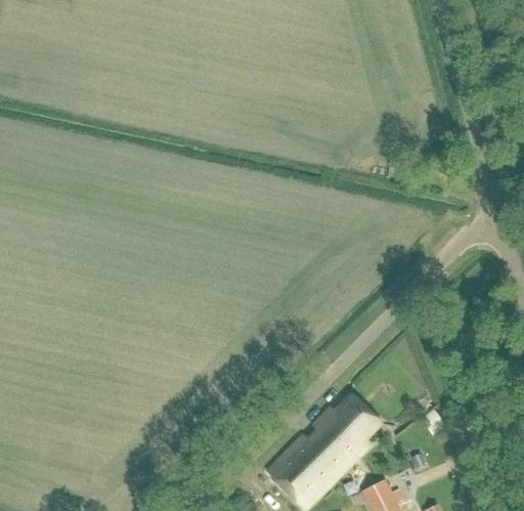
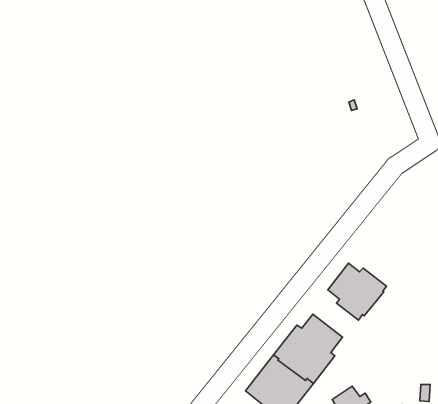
building: none -> [328,263,387,320]

